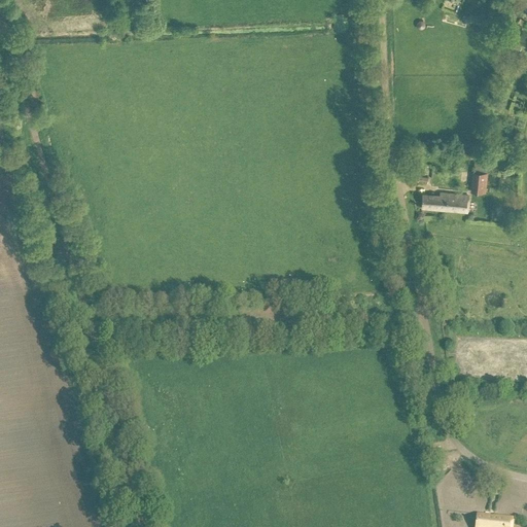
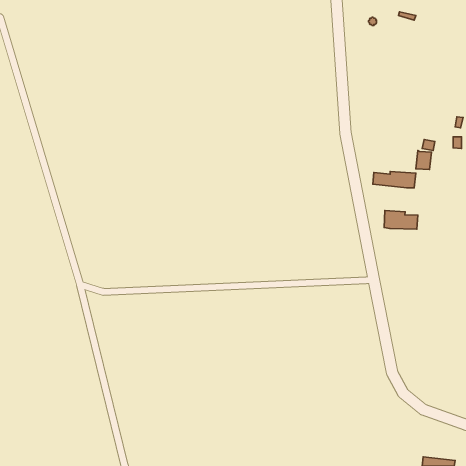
building: none -> [384,210,418,229]

